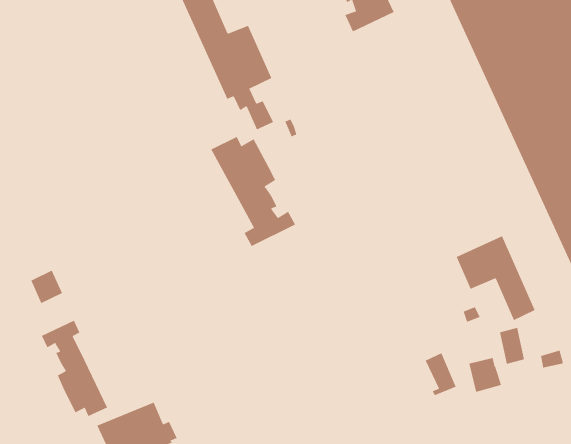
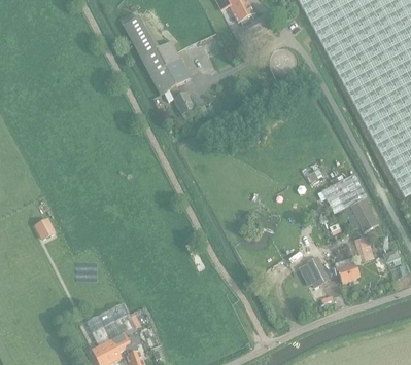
building: [210,136,296,247] -> none
building: [41,320,108,417] -> none

